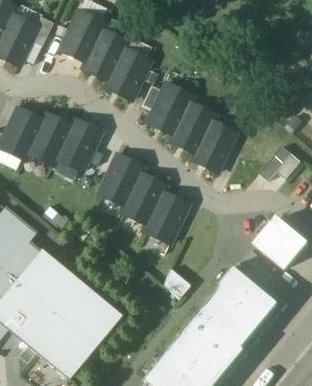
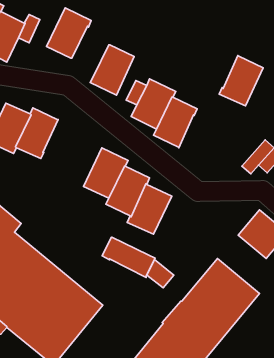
building: [81,28,127,80] -> none
building: [55,118,100,170] -> none
building: [191,119,236,171] -> [219,55,263,106]
building: none -> [102,237,155,278]

